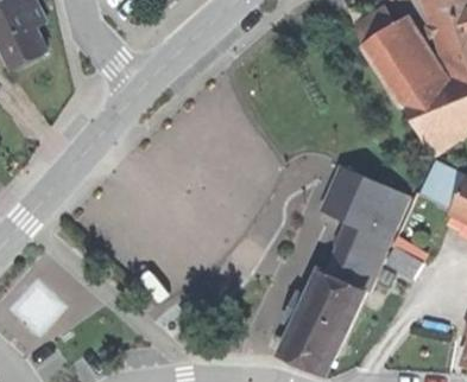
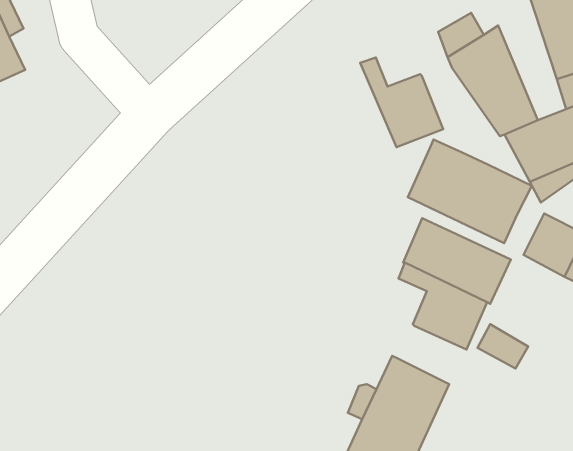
building: none -> [360,57,443,147]
building: none -> [408,139,532,243]
building: [327,247,378,291] -> none

